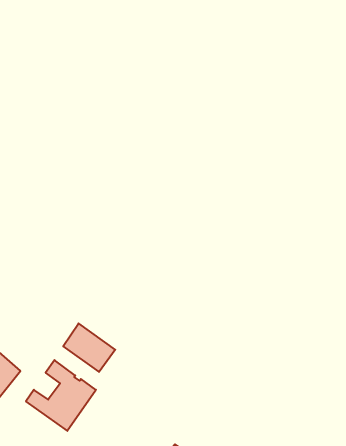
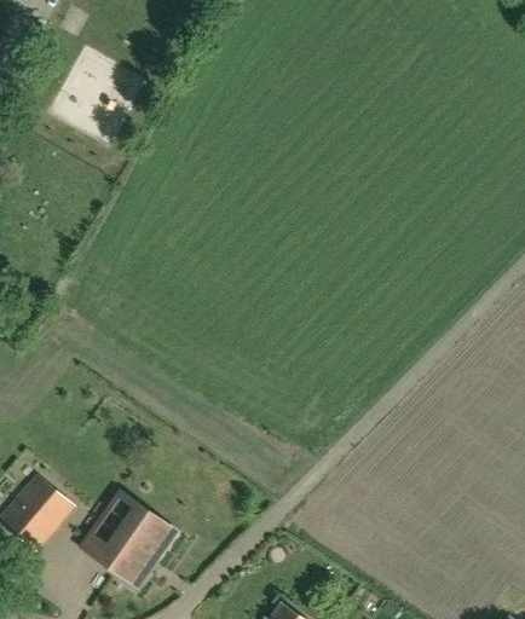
building: [63,323,115,372] -> none

